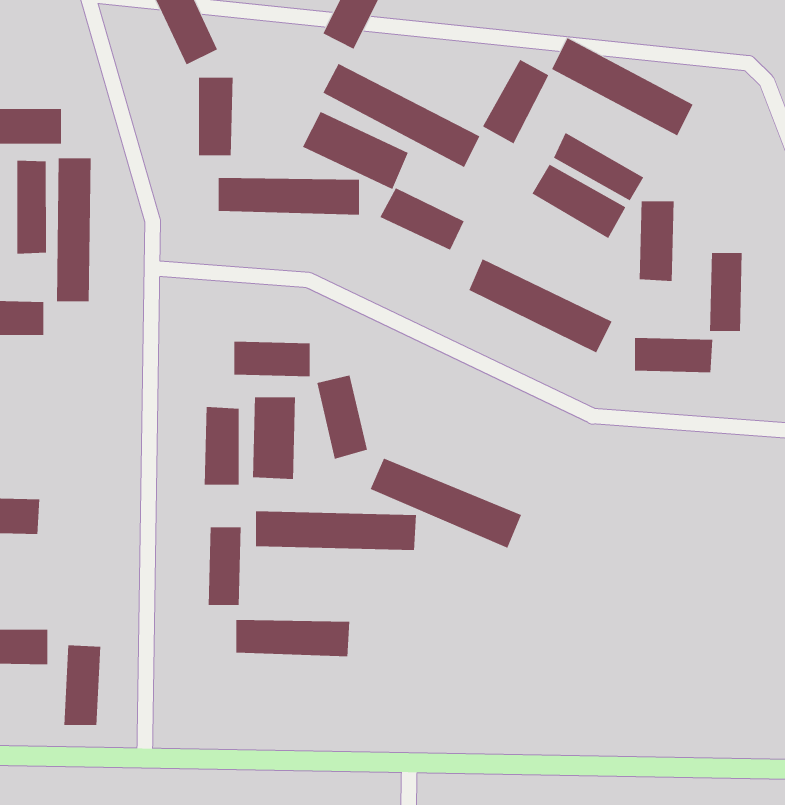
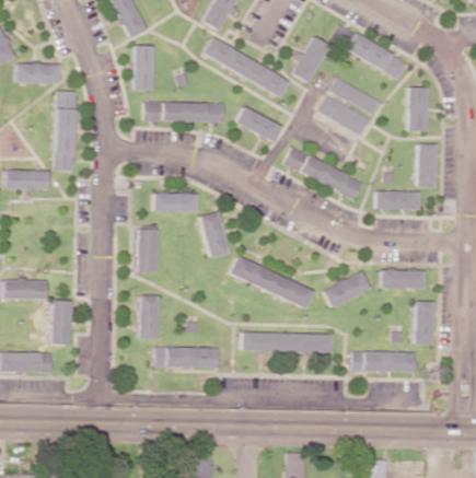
building: [302,111,409,190] -> none
building: [17,160,46,254] -> none
building: [639,201,674,282] -> [408,88,428,132]
building: [253,396,296,480] -> none
building: none -> [381,270,425,289]
building: none -> [323,271,370,308]
building: [255,511,417,550] -> [242,331,332,353]
building: none -> [415,301,433,345]
building: none -> [353,351,416,372]
building: [64,645,101,726] -> [50,300,71,345]

